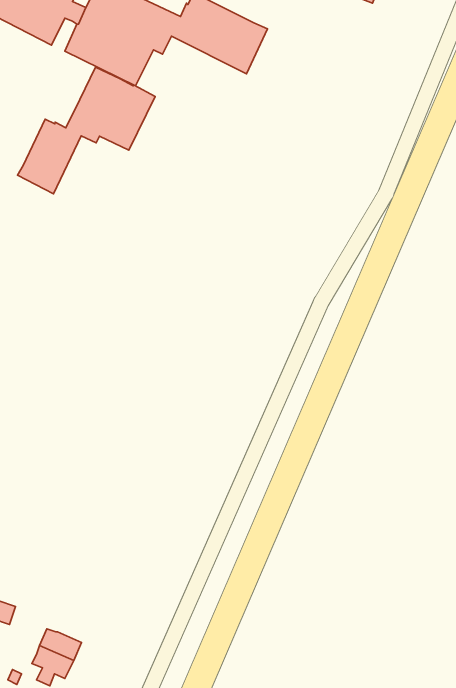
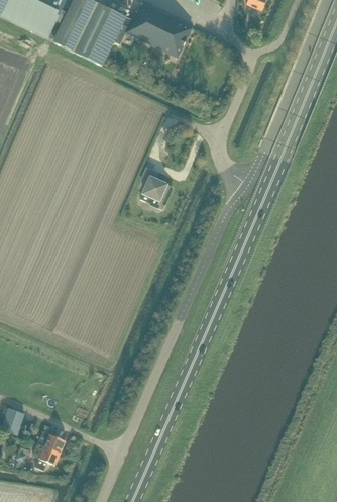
building: [18,67,155,194] -> none
building: none -> [141,169,172,208]

